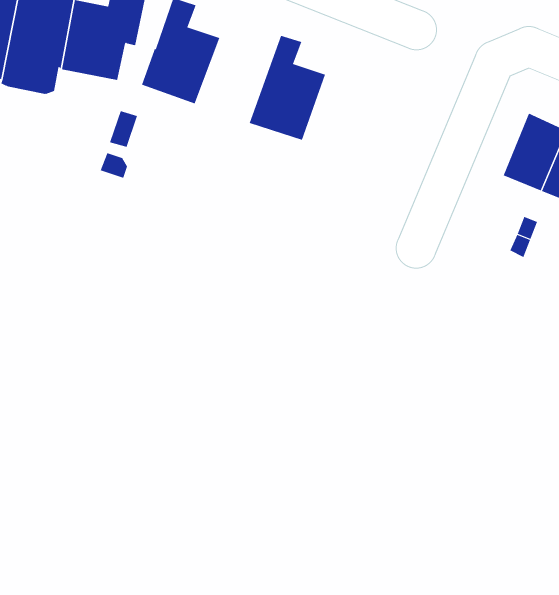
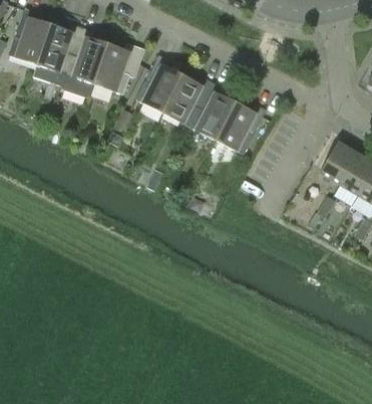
building: none -> [162,75,213,126]
building: none -> [217,103,266,153]

